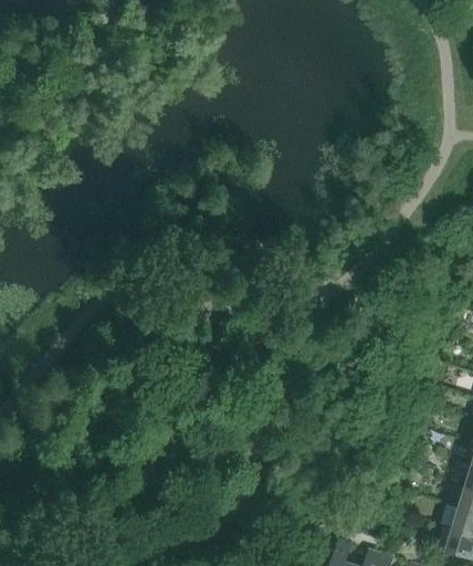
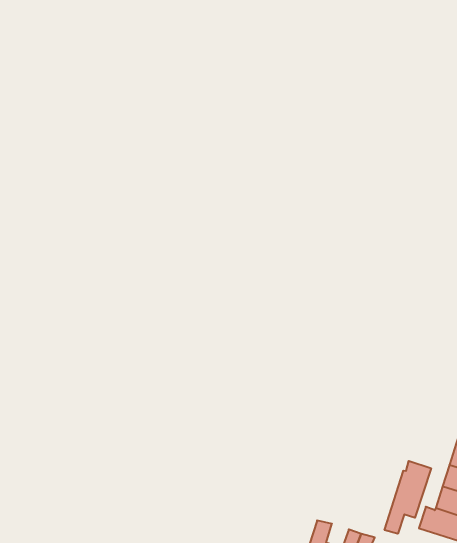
building: none -> [385,461,431,534]

